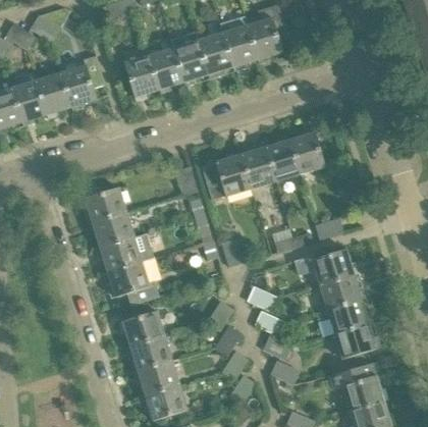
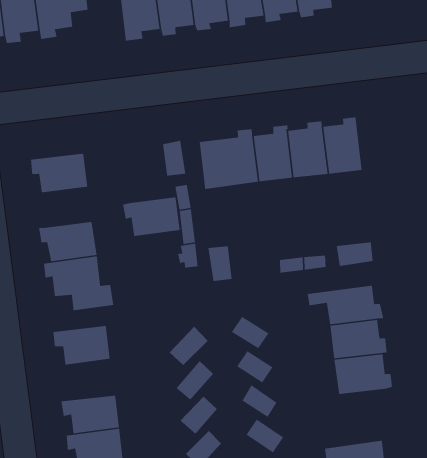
building: [88,212,133,247] -> [122,197,180,237]
building: [335,323,381,358] -> none
building: [125,335,172,372] -> none

